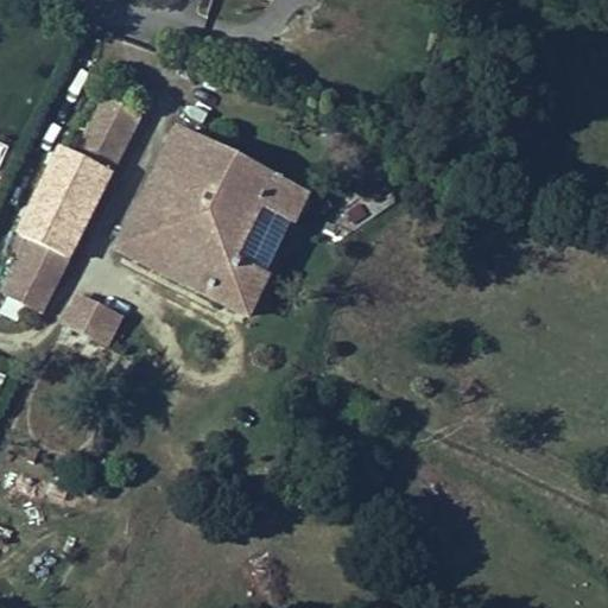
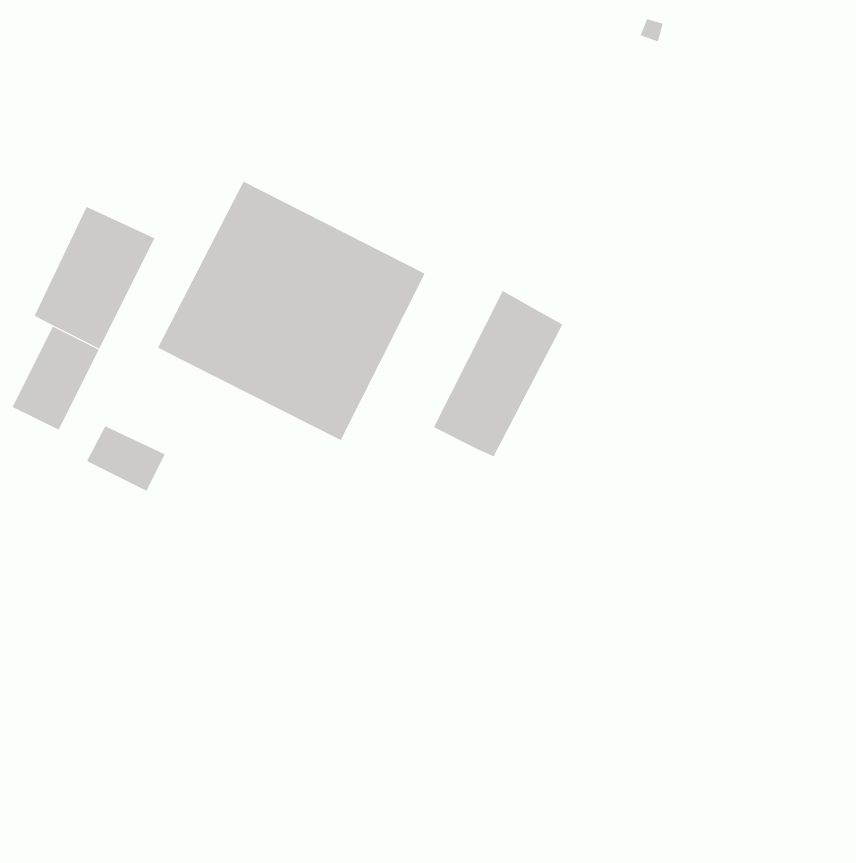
building: [83,86,147,167] -> none
building: none -> [433,290,563,457]

